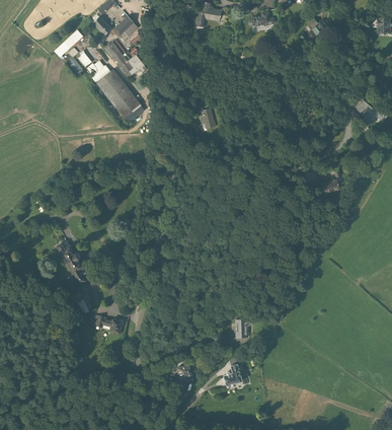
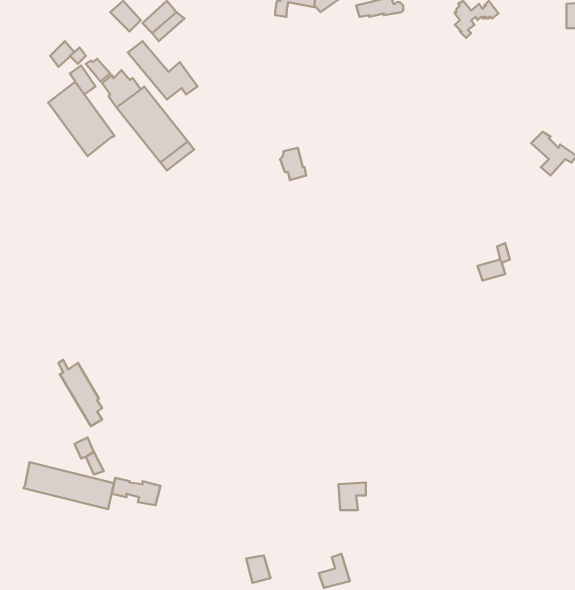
building: none -> [48,82,115,156]
building: none -> [24,462,114,509]

